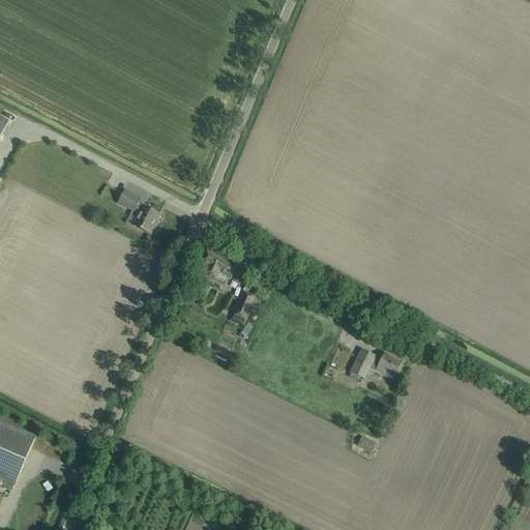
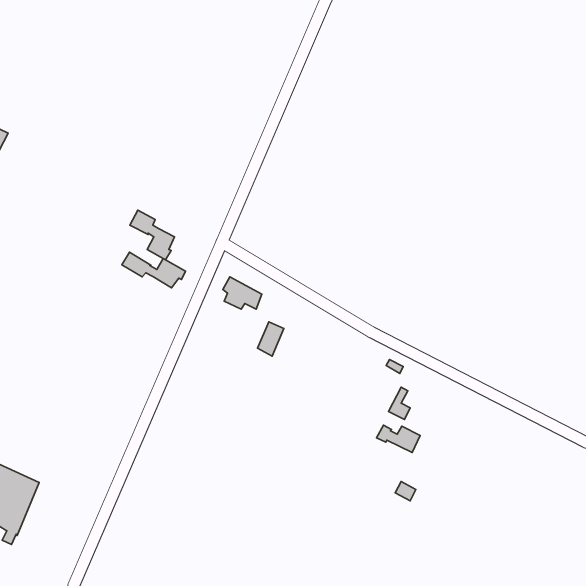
building: none -> [122,252,186,288]
building: [361,352,401,377] -> [377,425,420,453]

